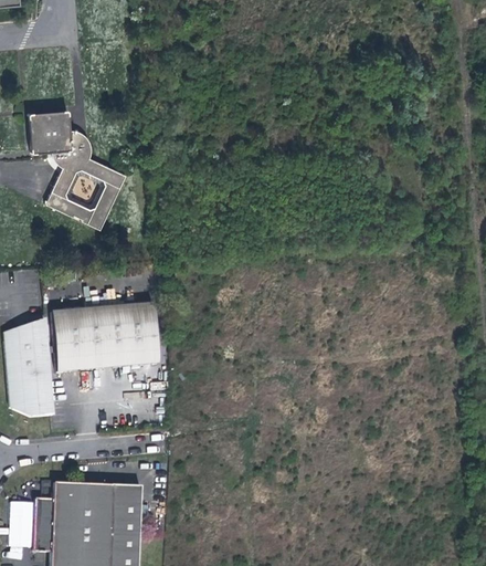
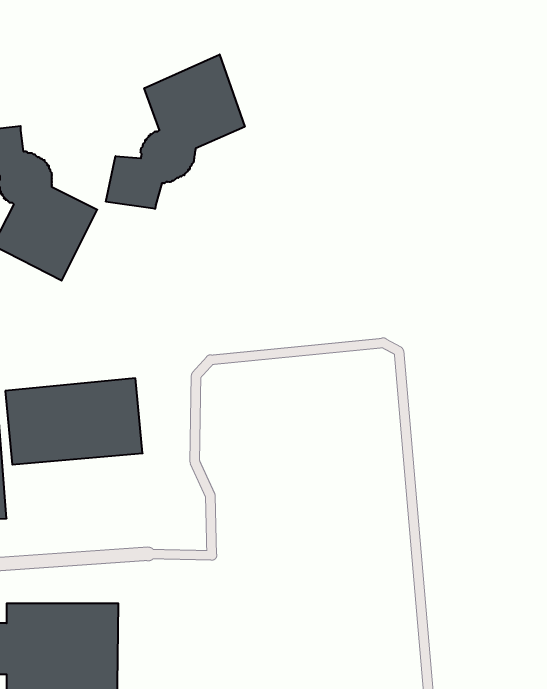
building: none -> [106,54,245,209]

